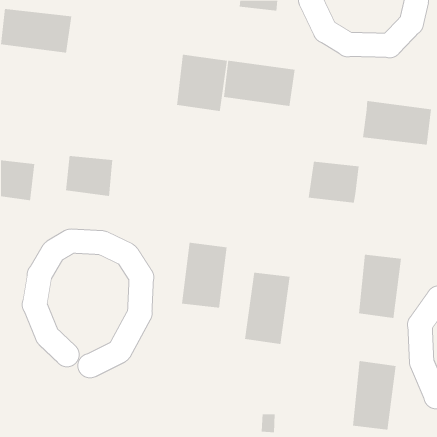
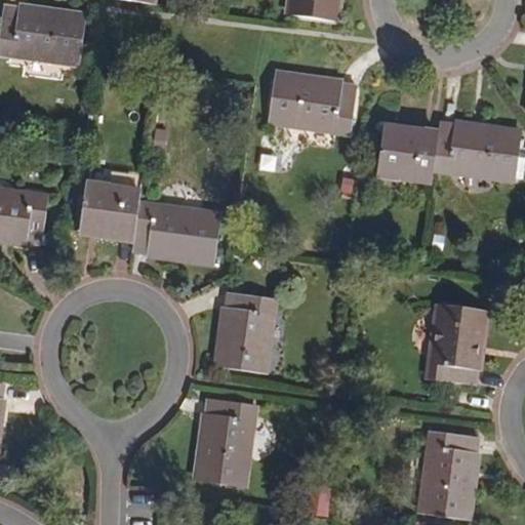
building: [176,54,228,112] -> none
building: [308,161,359,203] -> [377,127,439,177]
building: none -> [131,201,217,260]
building: [244,272,290,344] -> [197,399,252,485]

